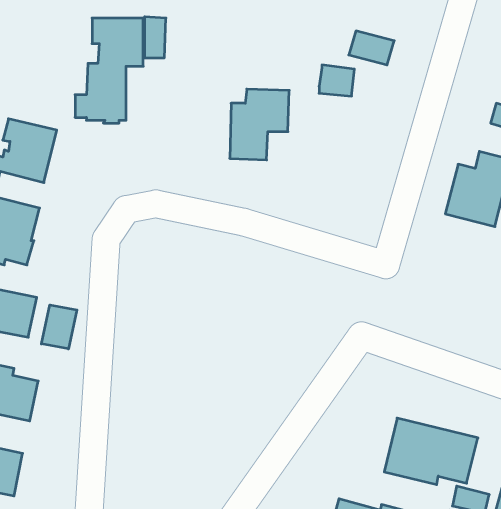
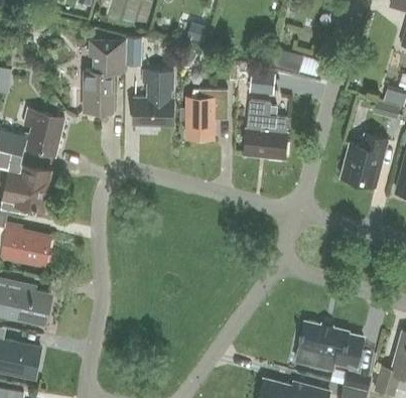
building: none -> [133,72,174,130]
building: none -> [245,102,288,159]
building: [41,305,77,349] -> none

